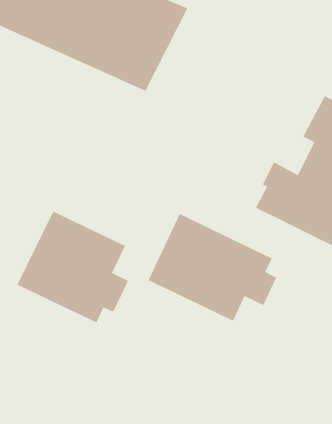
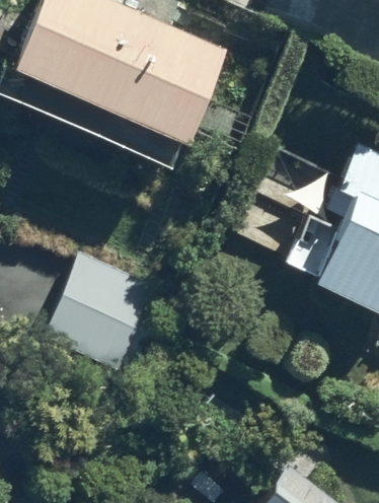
building: [148,213,277,321] -> none

